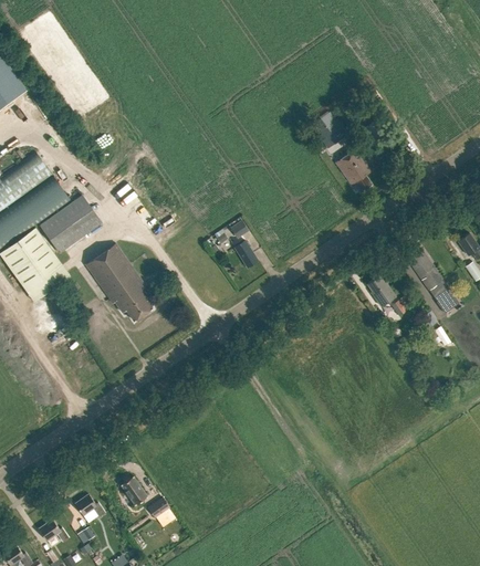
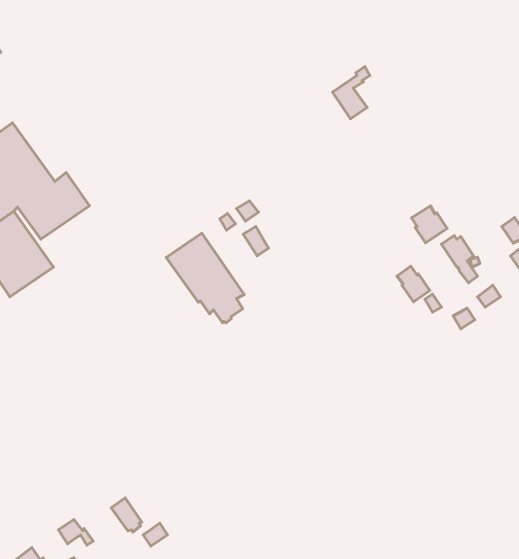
building: [335,149,373,191] -> none
building: none -> [412,206,447,243]
building: [85,244,153,322] -> [166,233,244,323]

